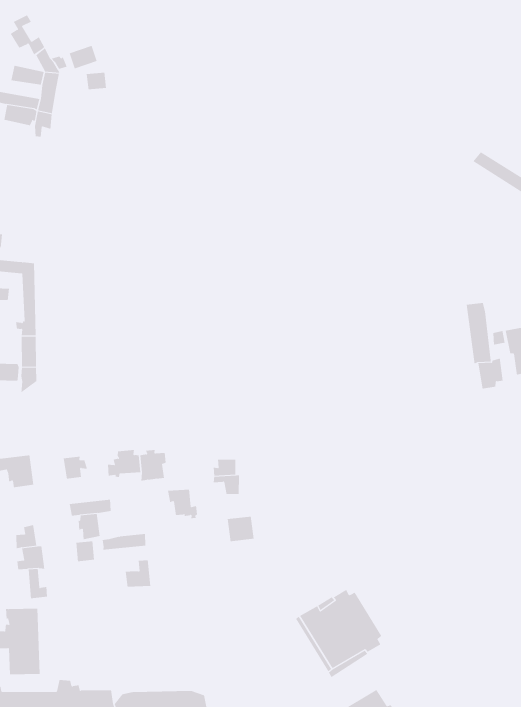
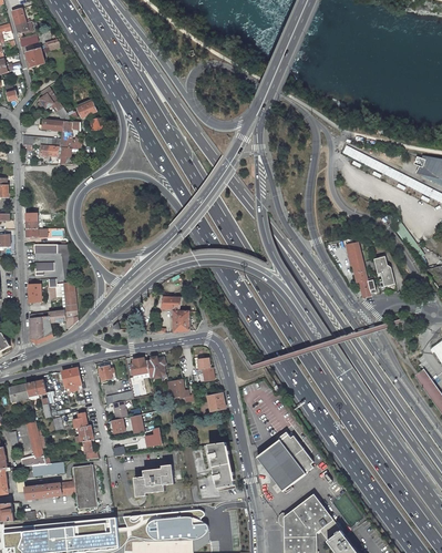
building: none -> [160,297,188,332]
building: none -> [207,442,233,488]
building: none -> [133,464,173,496]

